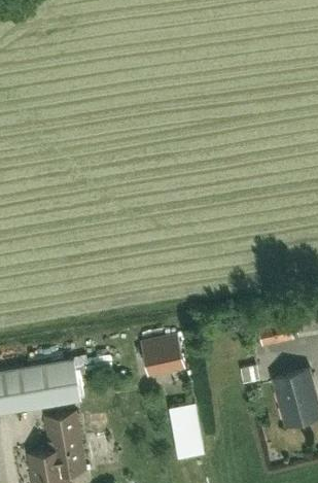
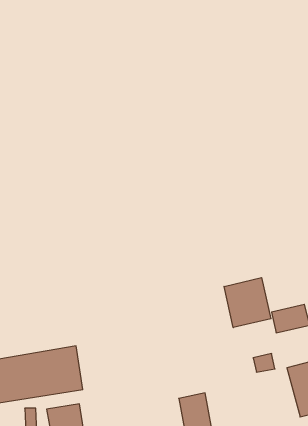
building: none -> [224,278,271,328]
building: [140,335,185,377] -> none

